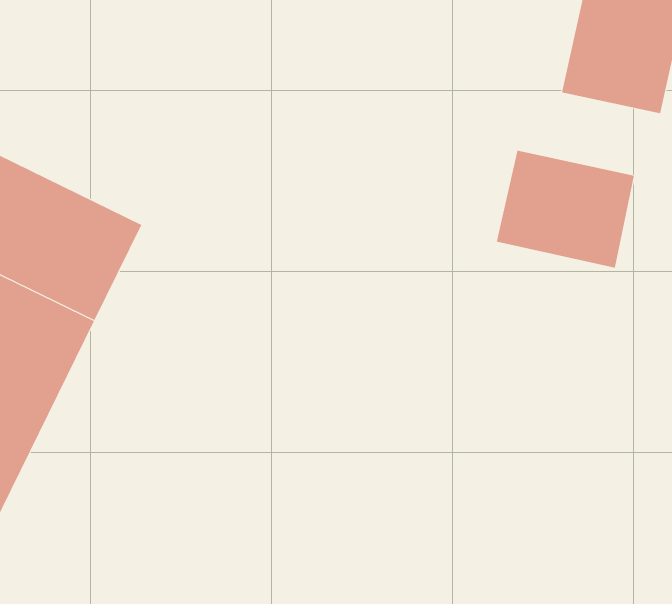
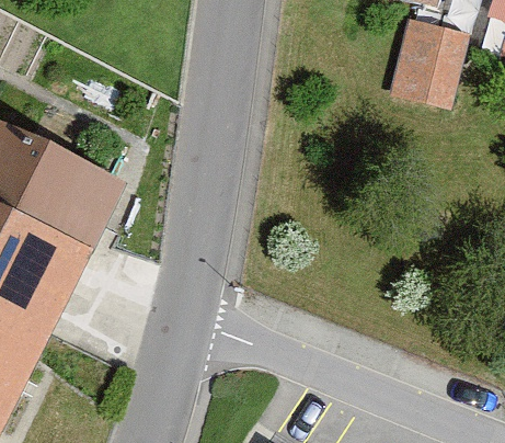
building: [496,150,634,268] -> none

